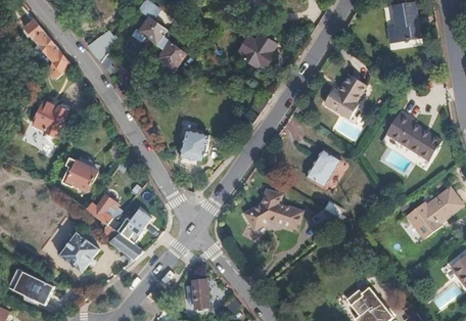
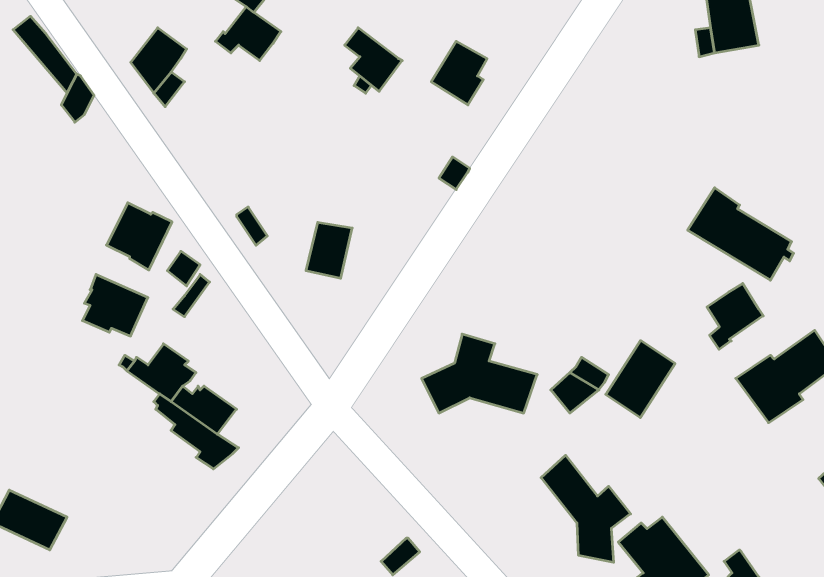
building: [156,35,187,68] -> [345,28,402,91]
building: [323,75,364,119] -> none
building: [35,100,69,136] -> [106,203,172,270]
building: [302,146,339,187] -> [606,341,675,418]
building: none -> [707,283,763,349]
building: [57,231,99,271] -> none
building: none -> [541,455,631,562]
building: [187,278,209,308] -> none

